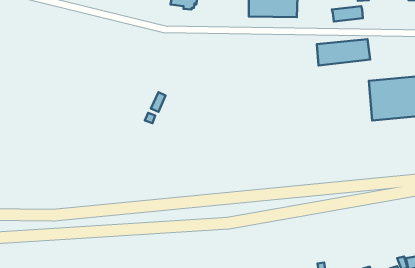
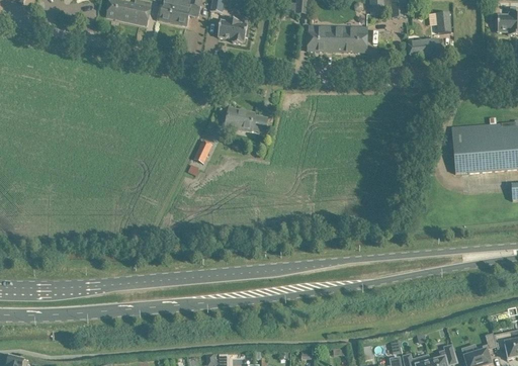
building: [317,39,370,66] -> none
building: none -> [227,107,268,130]

